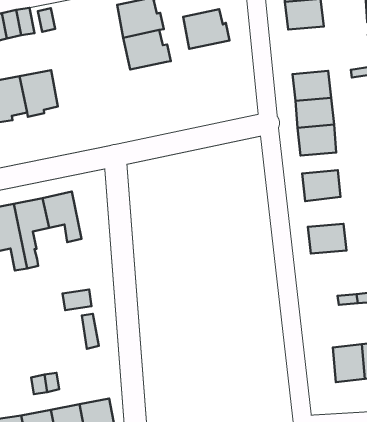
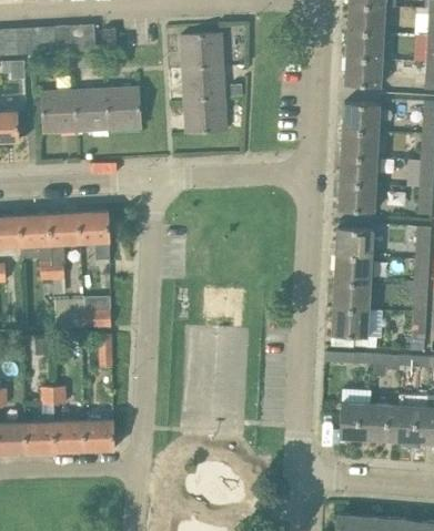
building: [183,9,230,49] -> [183,99,225,133]
building: none -> [342,103,379,132]
building: none -> [105,88,140,131]
building: none -> [334,256,371,284]
building: none -> [331,308,369,338]

